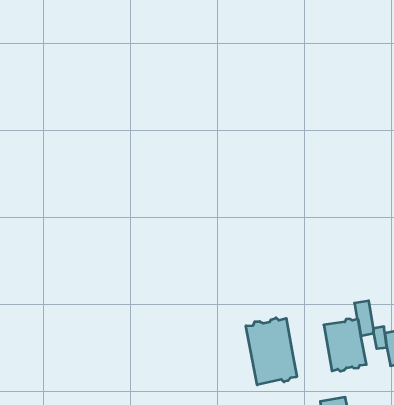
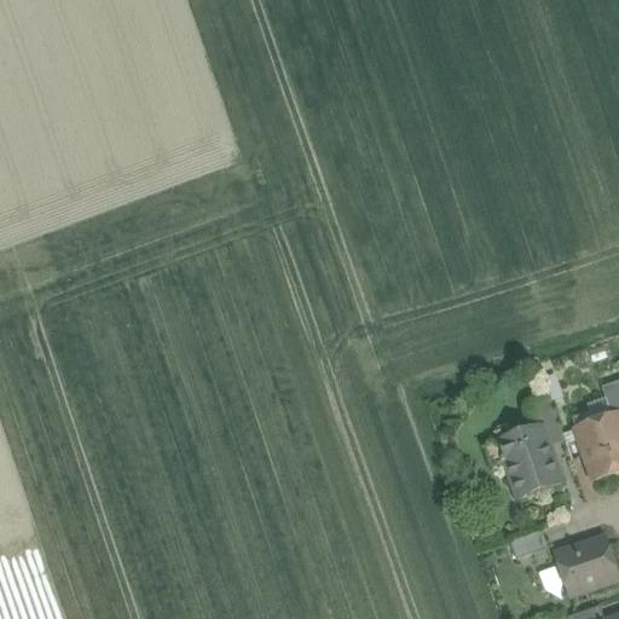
building: [246,318,297,385] -> none

